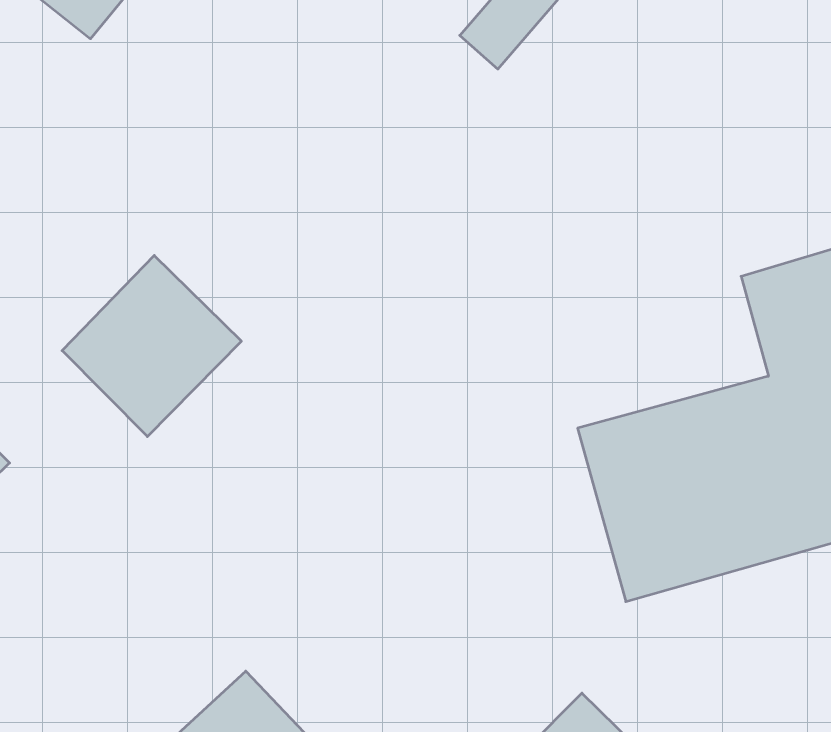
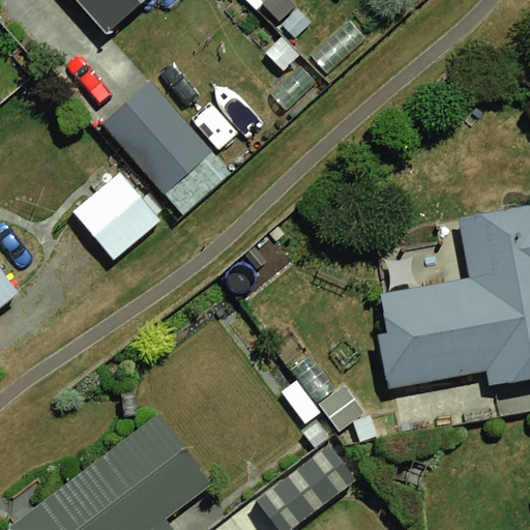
building: none -> [109,83,240,219]

